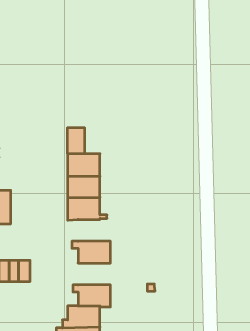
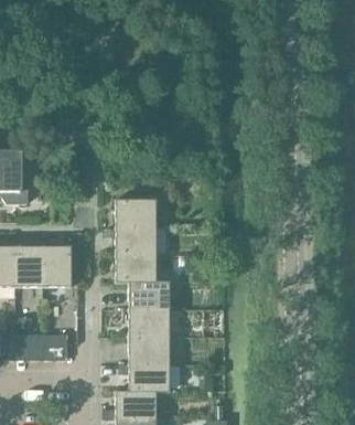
building: [68,128,84,154] -> none
building: none -> [44,246,72,288]
building: none -> [129,281,170,310]
building: none -> [129,338,170,365]

